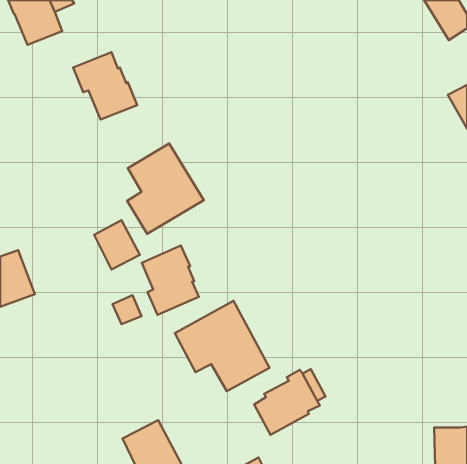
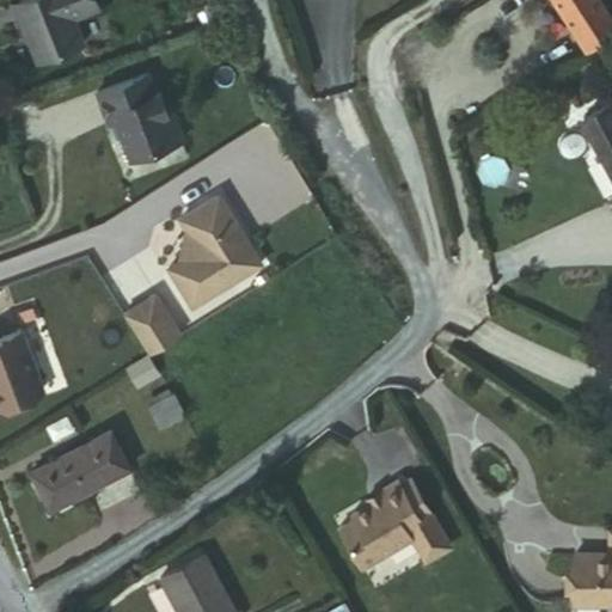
building: [142,245,199,315] -> none
building: [175,301,270,391] -> none
building: none -> [29,435,131,514]

